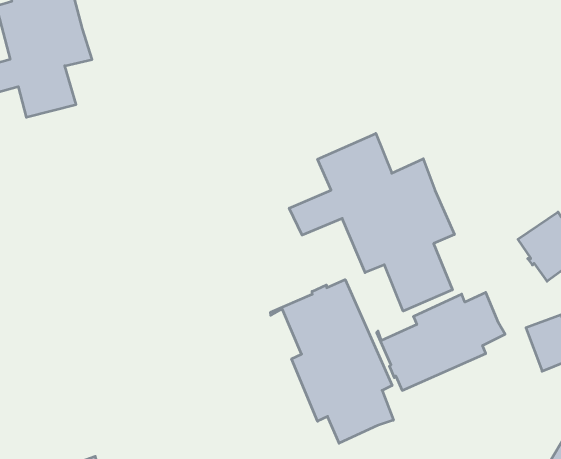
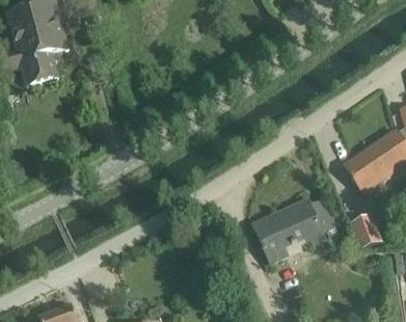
building: [289,133,454,311] -> none
building: [271,280,393,443] -> none

